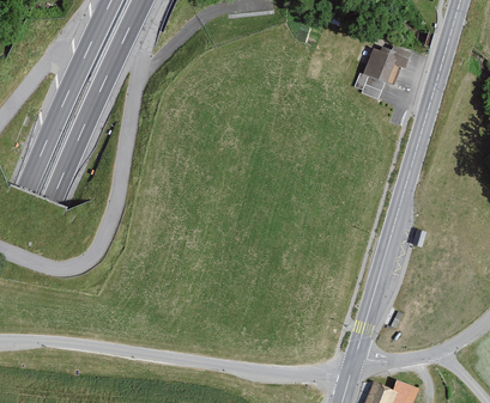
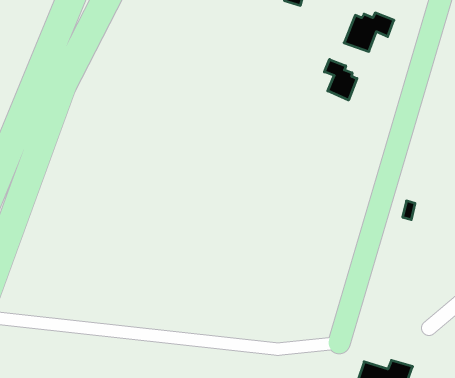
building: none -> [324,59,357,100]

